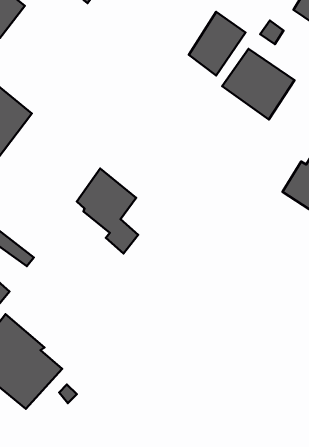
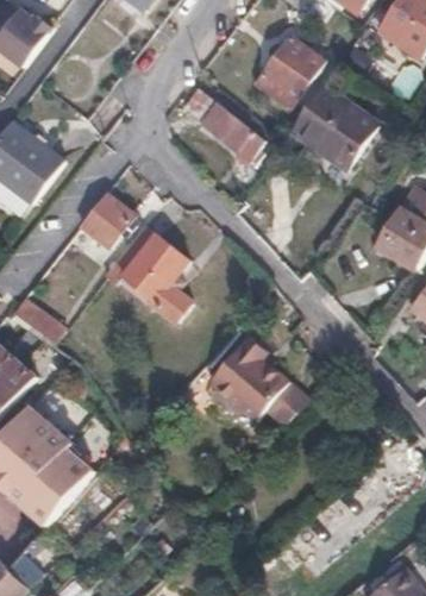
building: none -> [180,88,261,167]
building: none -> [81,192,132,245]
building: none -> [207,335,307,425]

